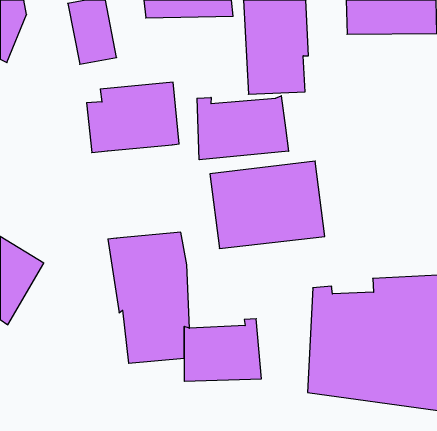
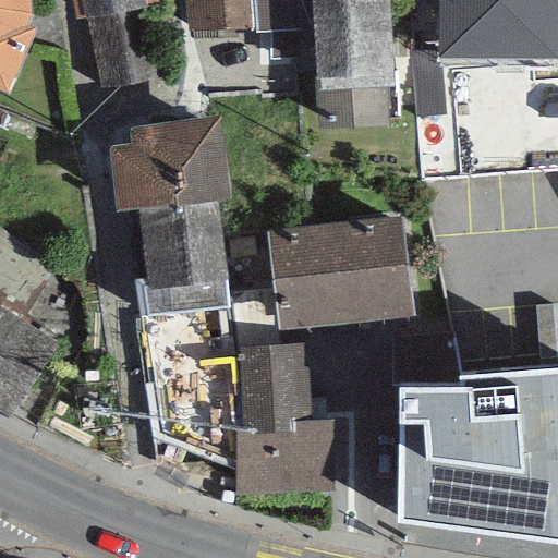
building: [197,96,289,160] -> none
building: none -> [134,193,231,313]
building: none -> [239,341,313,426]

